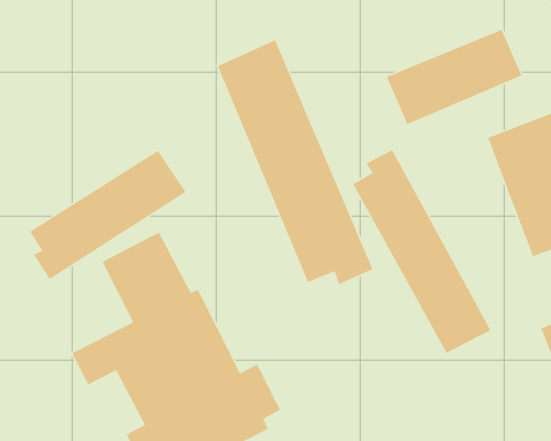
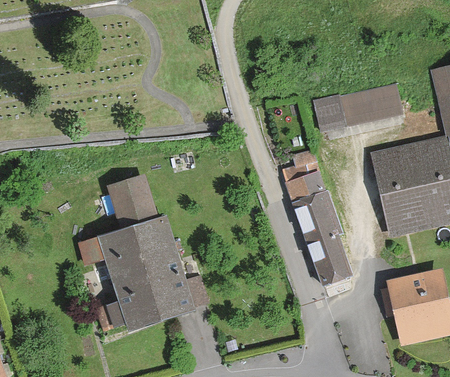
building: [217,39,373,285] -> none
building: [29,150,186,280] -> none

